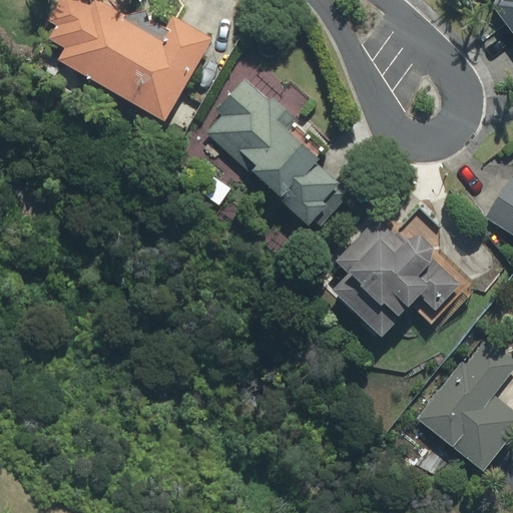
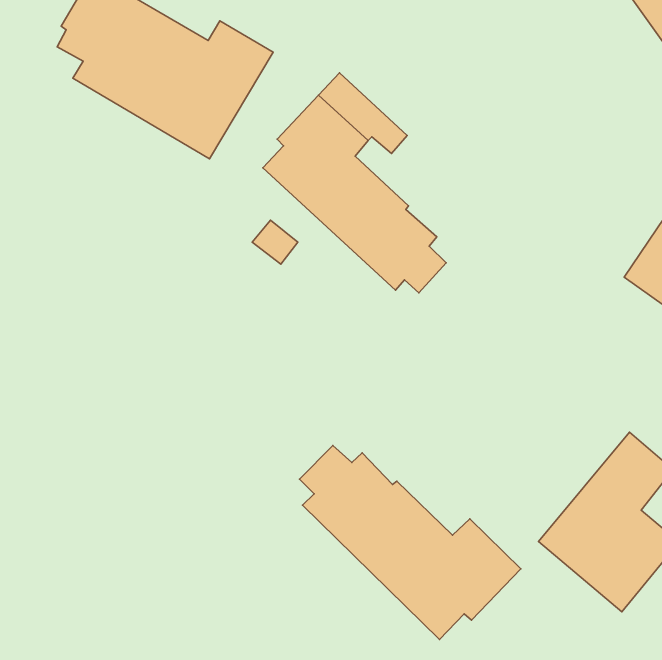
building: [329,204,480,339] -> none
building: none -> [300,446,521,639]

